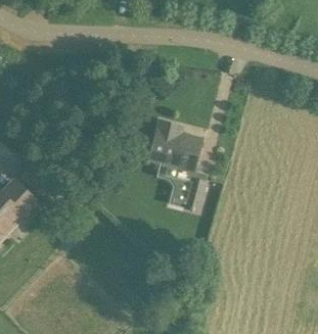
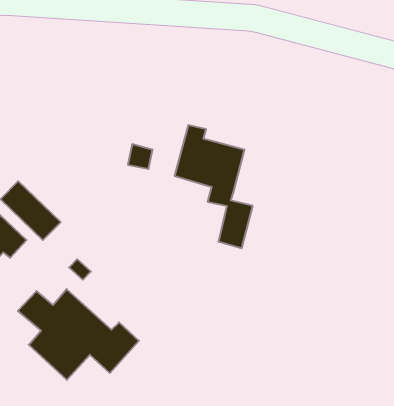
building: none -> [18,289,139,380]

